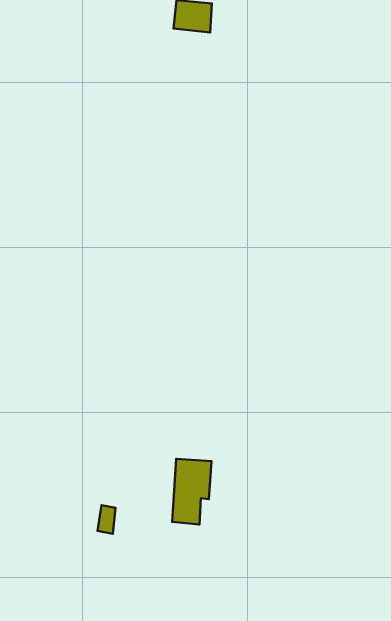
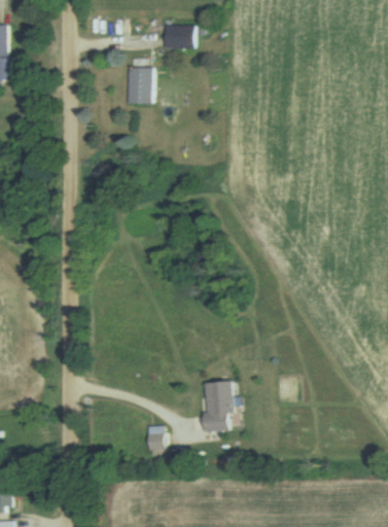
building: none -> [129,68,152,103]

